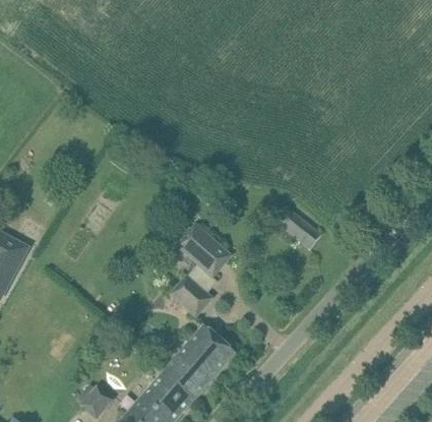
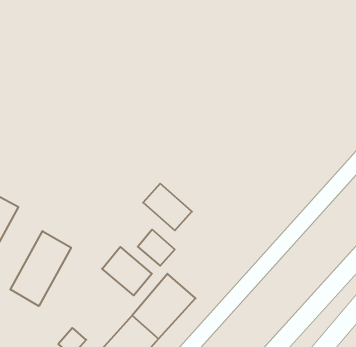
building: [274,206,320,248] -> none
building: none -> [10,231,71,306]
building: none -> [102,247,152,295]

